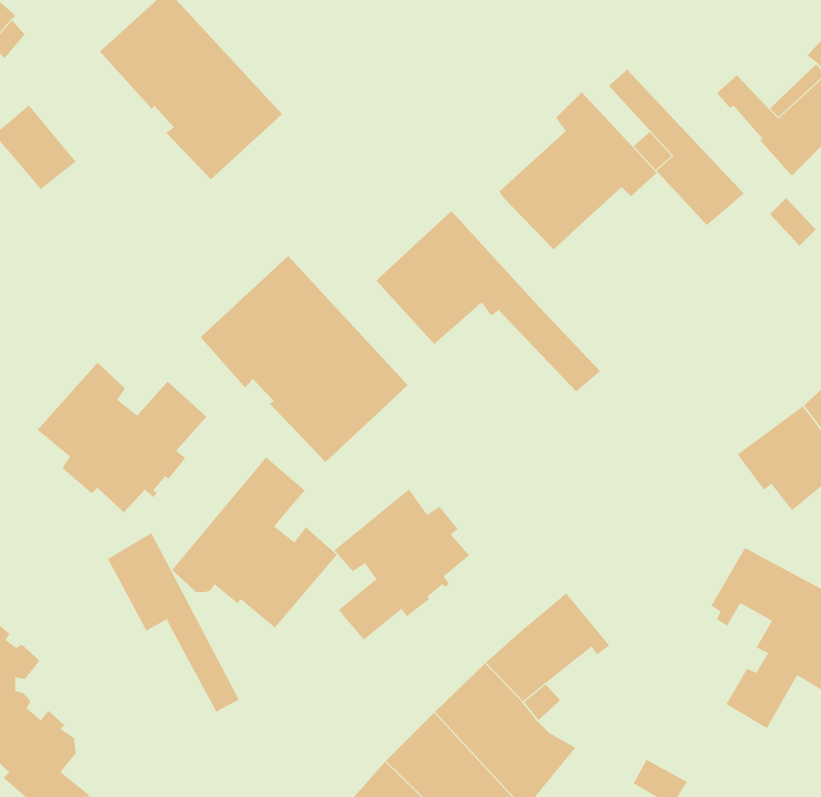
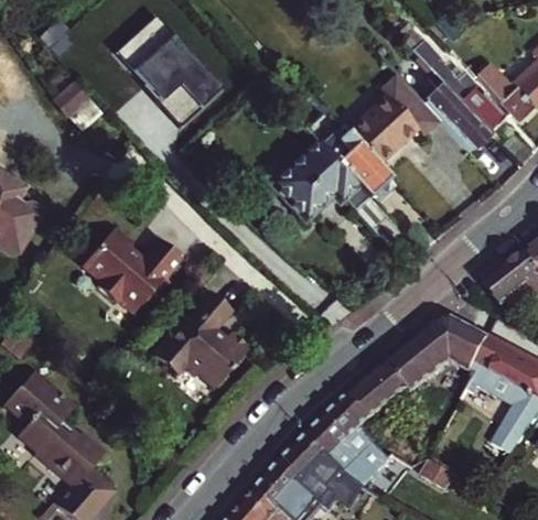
building: none -> [410,35,505,130]
building: none -> [322,132,390,196]
building: [200,255,409,463] -> none
building: [334,488,470,641] -> none
building: none -> [386,317,489,393]
building: [107,532,239,713] -> none

